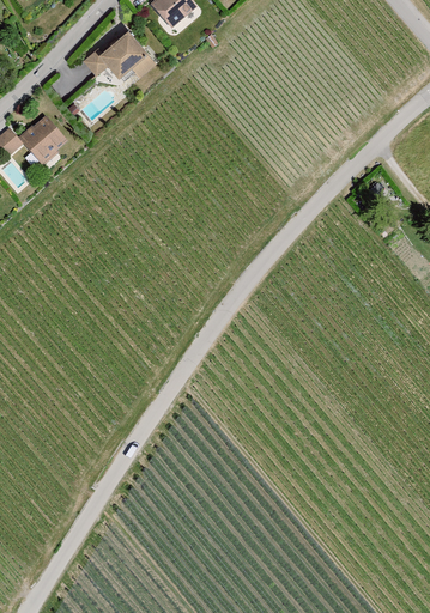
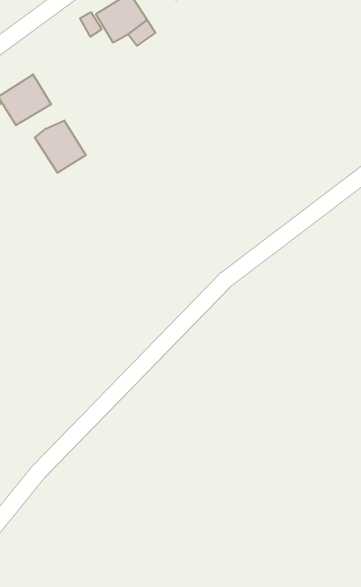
building: none -> [35,120,86,173]

